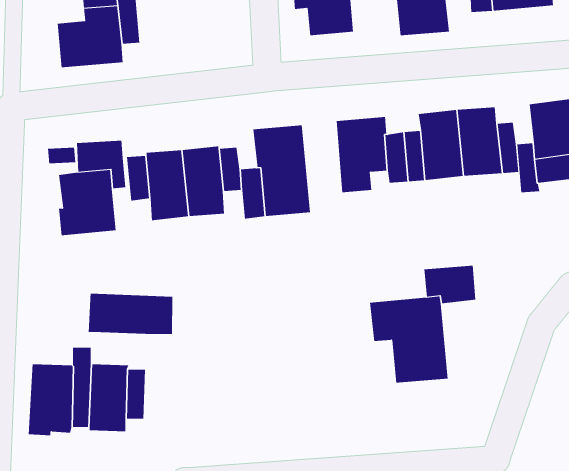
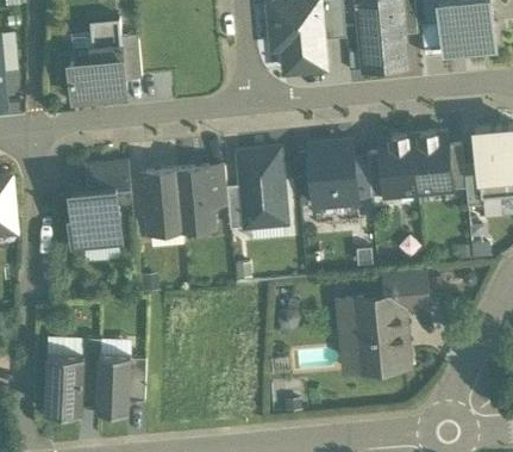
building: [88,293,173,335] -> none

